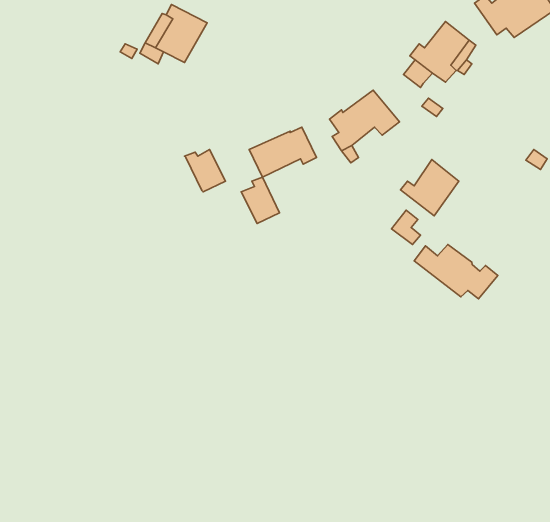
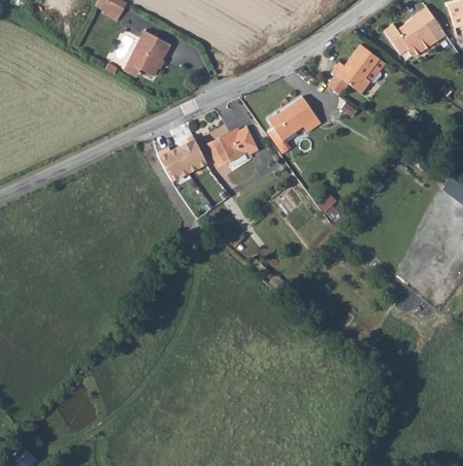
building: [400,160,459,216] -> none
building: [241,177,280,223] -> [175,133,205,169]
building: [414,244,498,299] -> none

